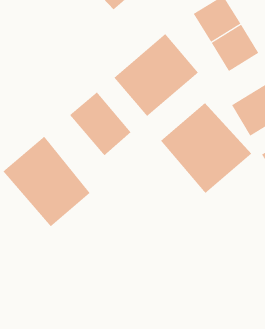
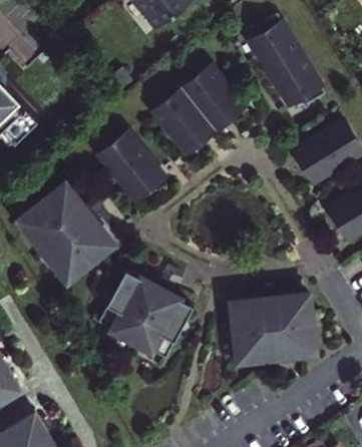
building: [160,102,252,194] -> none
building: none -> [106,274,201,365]
building: none -> [236,291,325,366]

